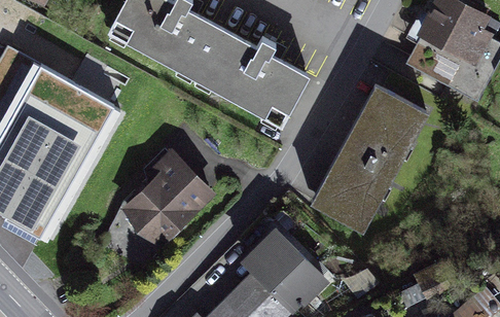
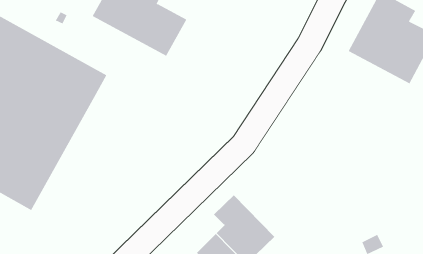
building: [198,29,307,117] -> none
building: [317,89,425,228] -> none
building: [121,154,208,242] -> none

